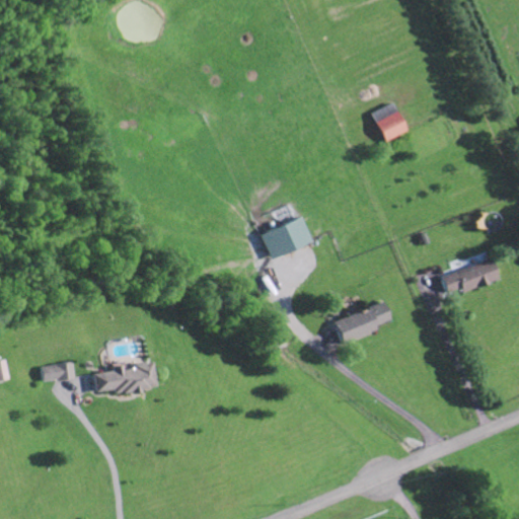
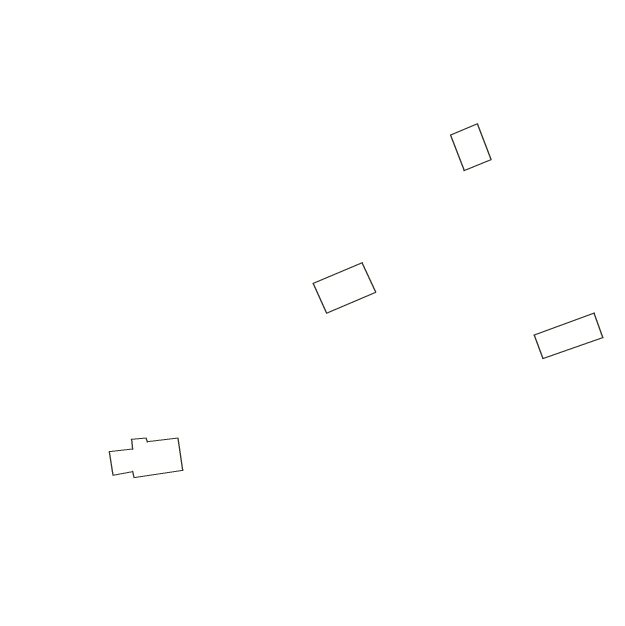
building: [335,302,391,342] -> none
building: [43,363,74,382] -> none

